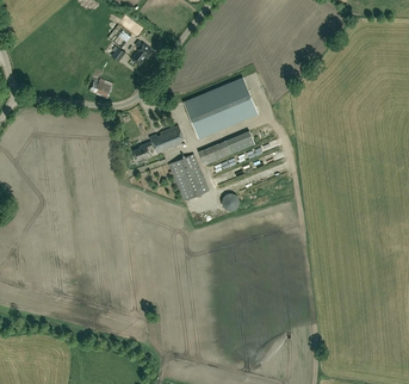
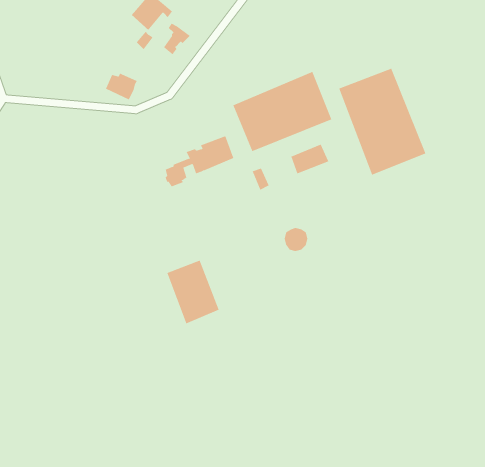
building: none -> [339,68,426,176]
building: [169,154,209,202] -> [166,260,220,324]

